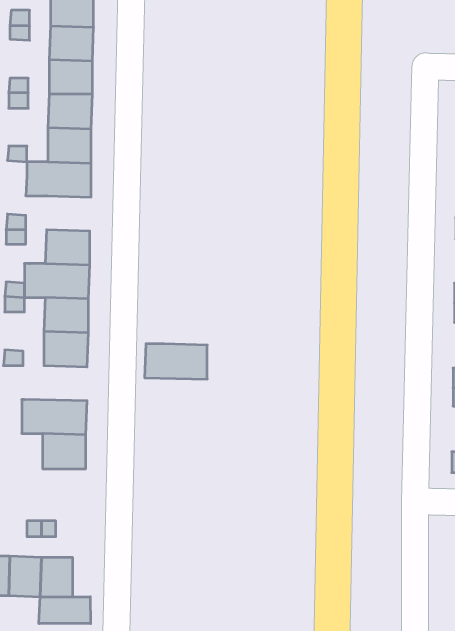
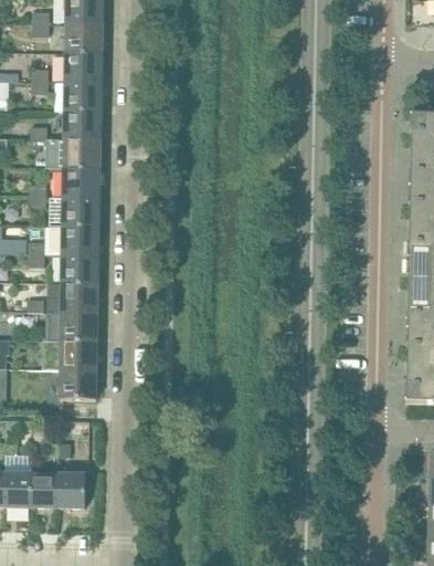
building: none -> [62,167,99,197]
building: [145,344,207,379] -> [43,311,96,340]
building: [39,597,91,624] -> none

